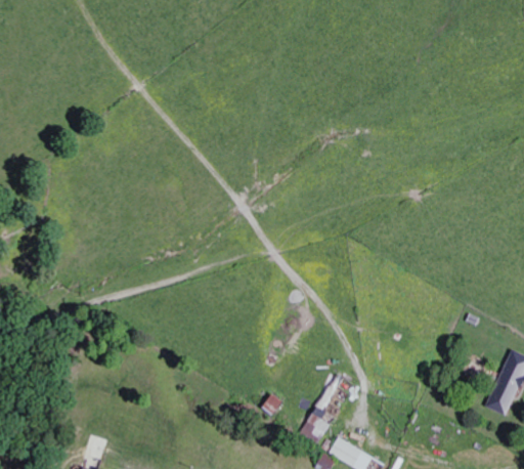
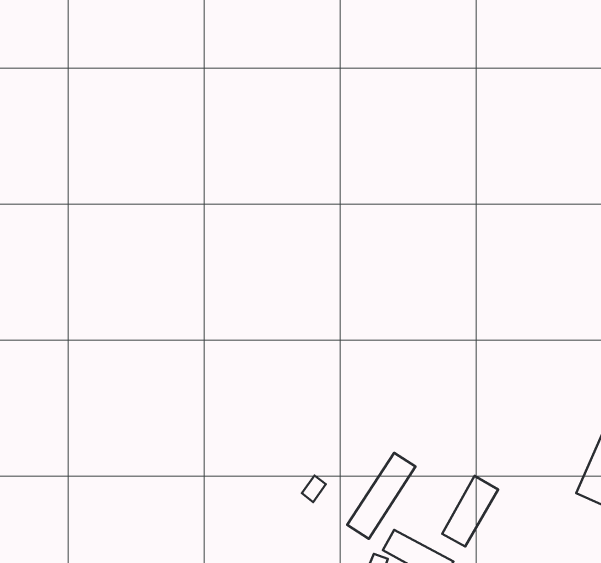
building: none -> [442,476,498,546]

